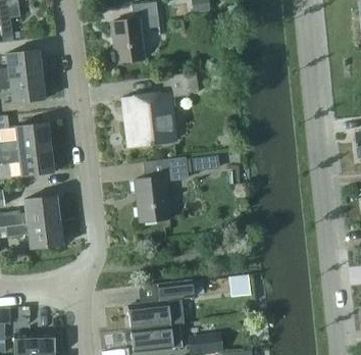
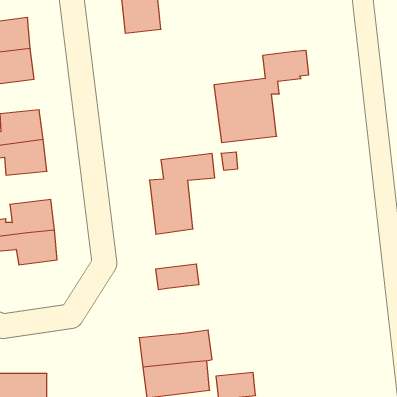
building: [123,72,199,146] -> [214,50,309,143]
building: [157,282,192,302] -> [156,264,199,290]

